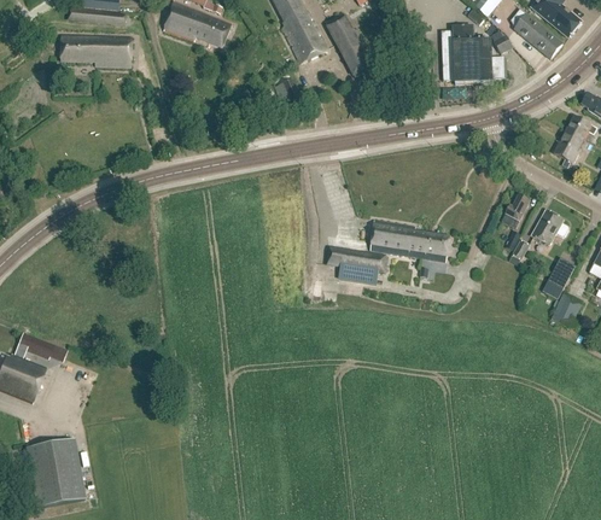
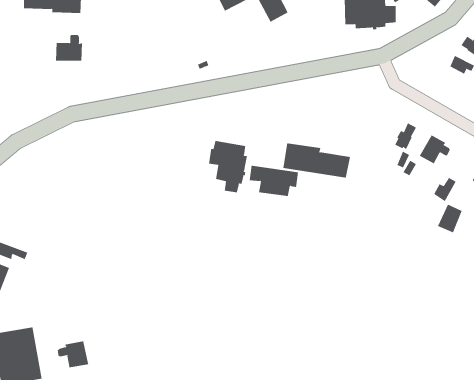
building: none -> [56,34,82,61]
building: [554,129,585,163] -> none
building: none -> [208,140,248,193]
building: none -> [57,341,89,368]

